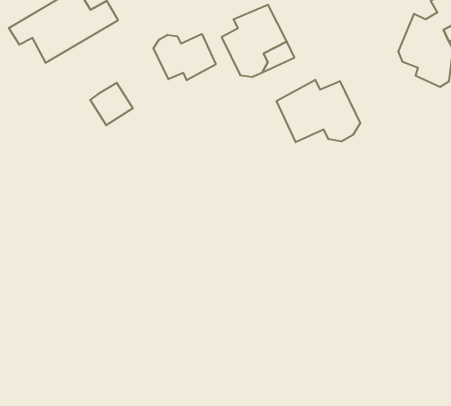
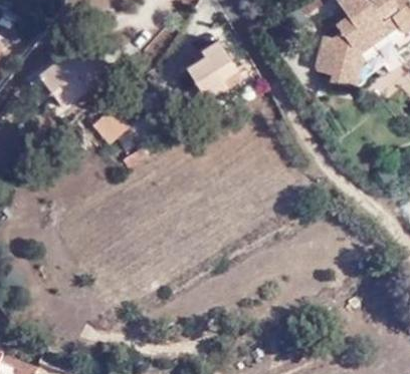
building: [153,34,216,80] -> none
building: [277,80,360,142] -> none

